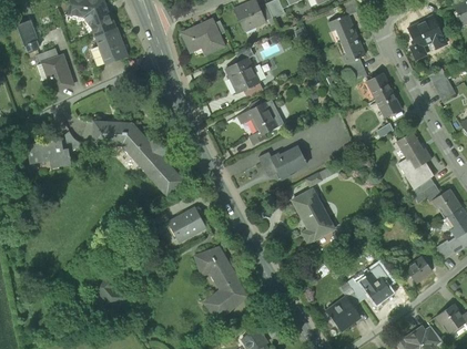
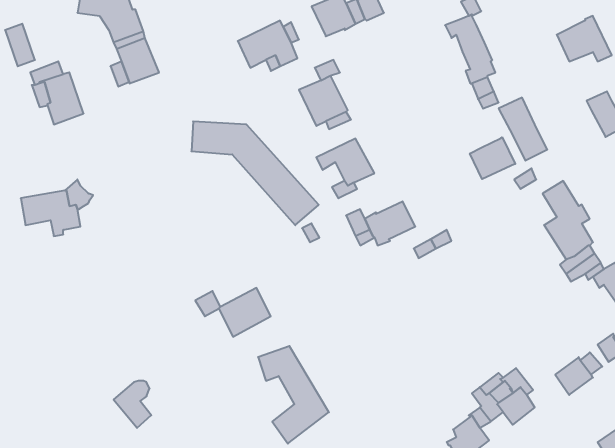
building: none -> [470,137,515,179]
building: [93,121,183,194] -> [191,121,319,225]
building: [293,188,334,242] -> none

